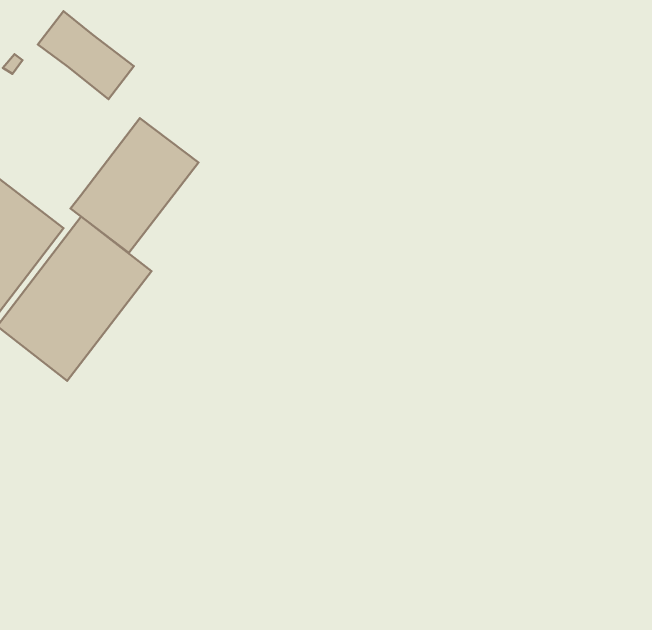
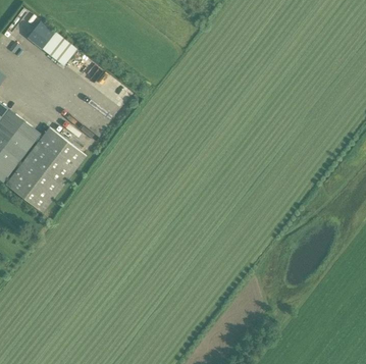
building: [71,118,198,253] -> none

